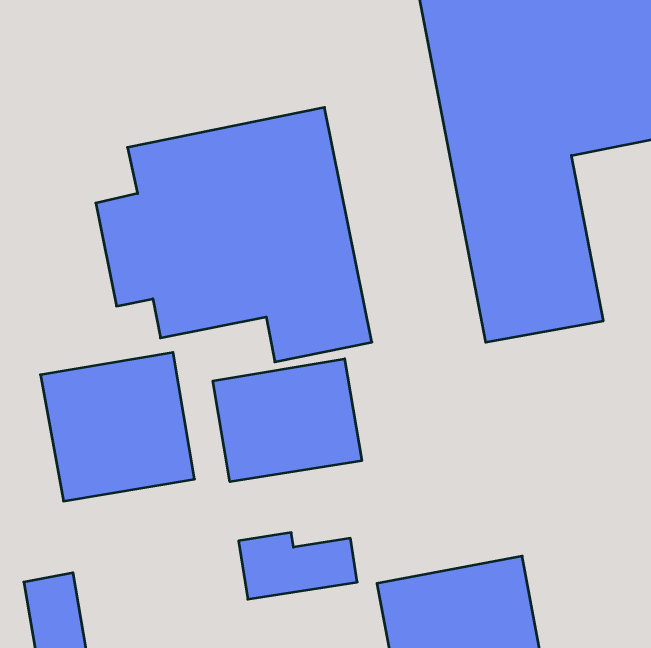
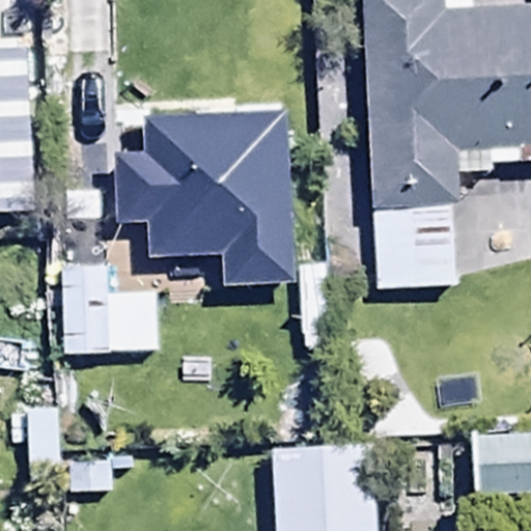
building: [213,359,362,482] -> none

